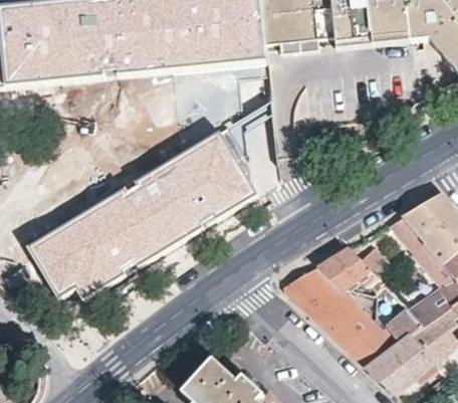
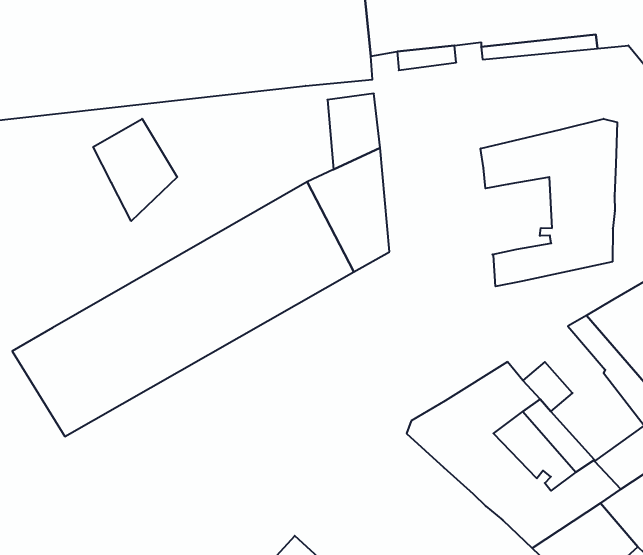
building: none -> [93,119,177,221]
building: none -> [481,119,617,286]

